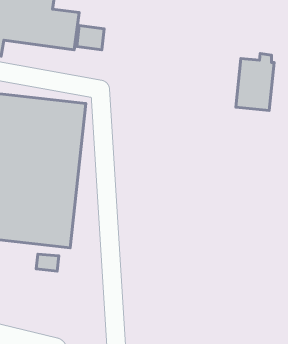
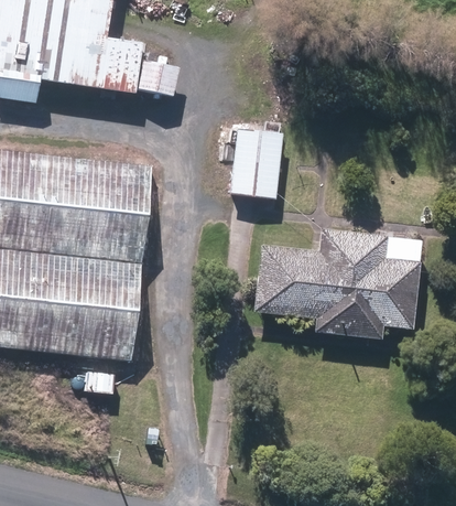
building: [236,54,274,110] -> [230,120,282,197]
building: none -> [253,228,421,336]

